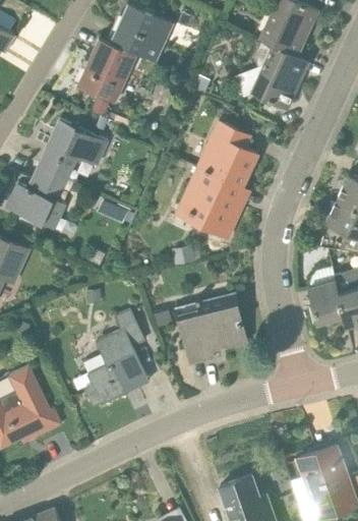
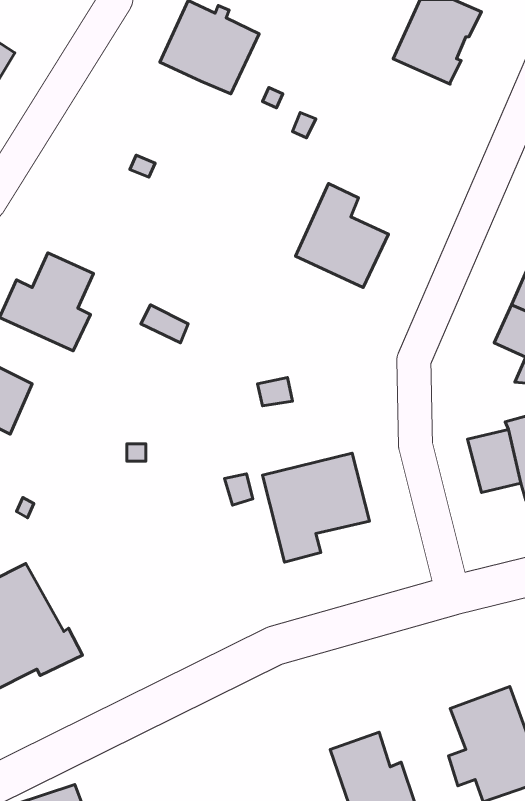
building: [78,38,137,103] -> none
building: [239,41,308,109] -> none
building: [39,120,108,179] -> none
building: [177,168,242,238] -> none
building: [83,308,147,410] -> none

